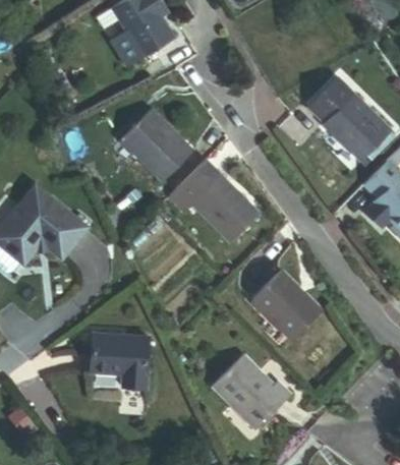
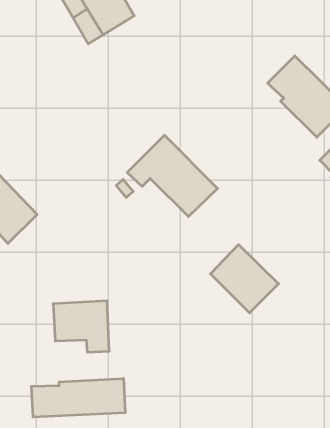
building: [121,109,193,182] -> none
building: [213,355,292,430] -> none
building: none -> [31,378,125,417]

